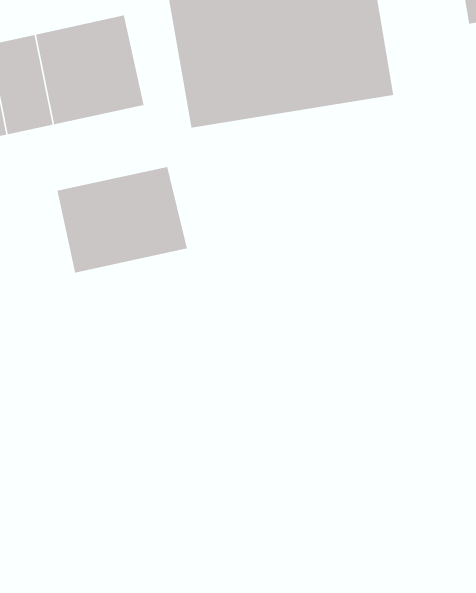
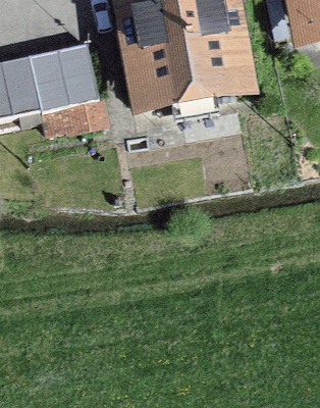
building: [56,166,188,273] -> none

